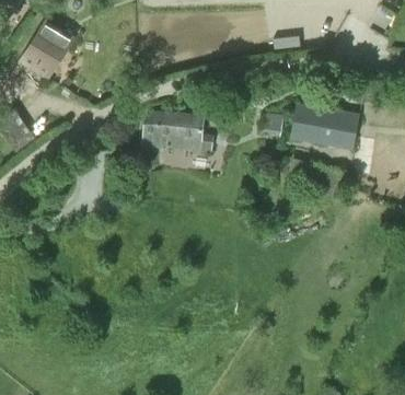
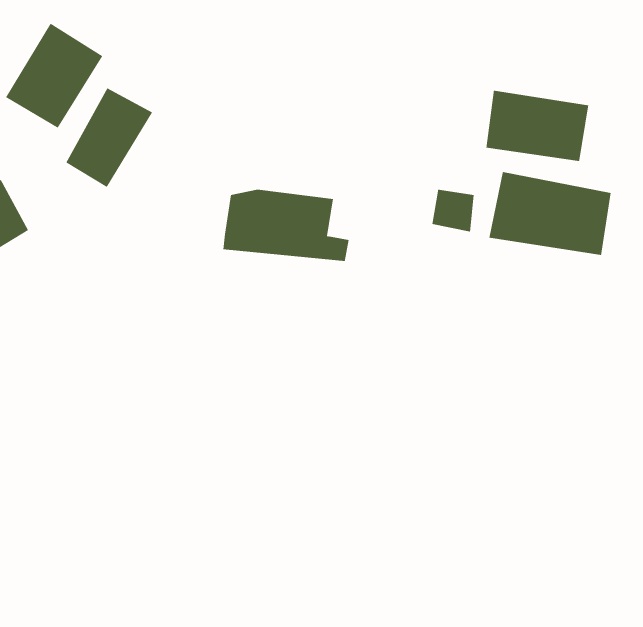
building: none -> [65,87,153,188]
building: none -> [486,90,589,162]

